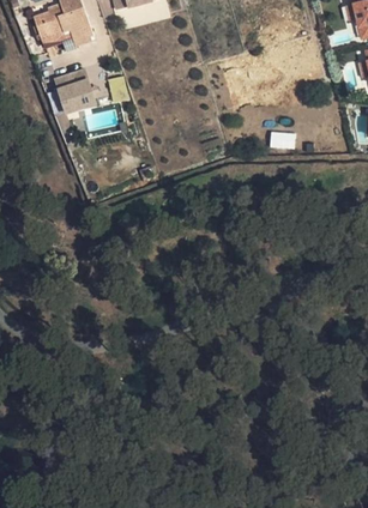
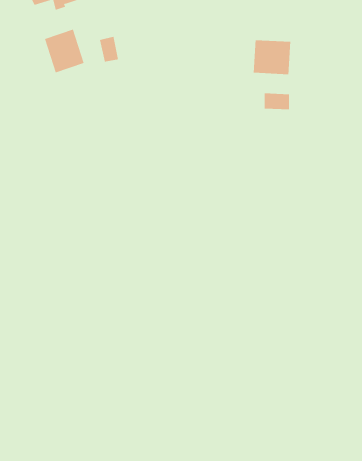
building: none -> [253,39,291,75]

